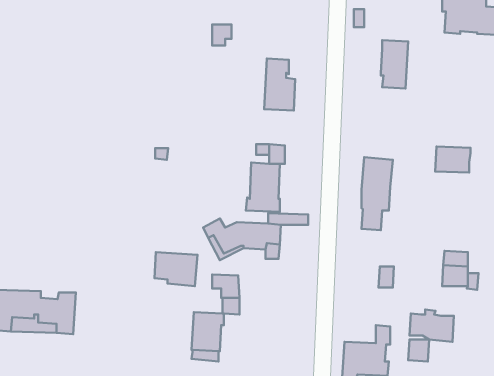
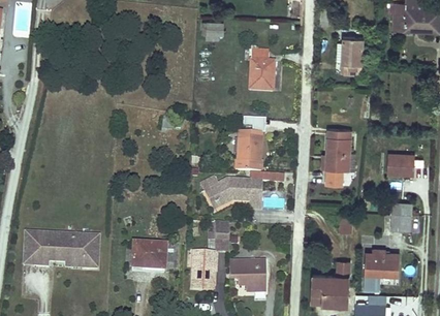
building: [435,147,470,173] -> [387,153,415,173]
building: [155,252,197,286] -> [132,243,166,270]
building: none -> [229,260,265,292]

